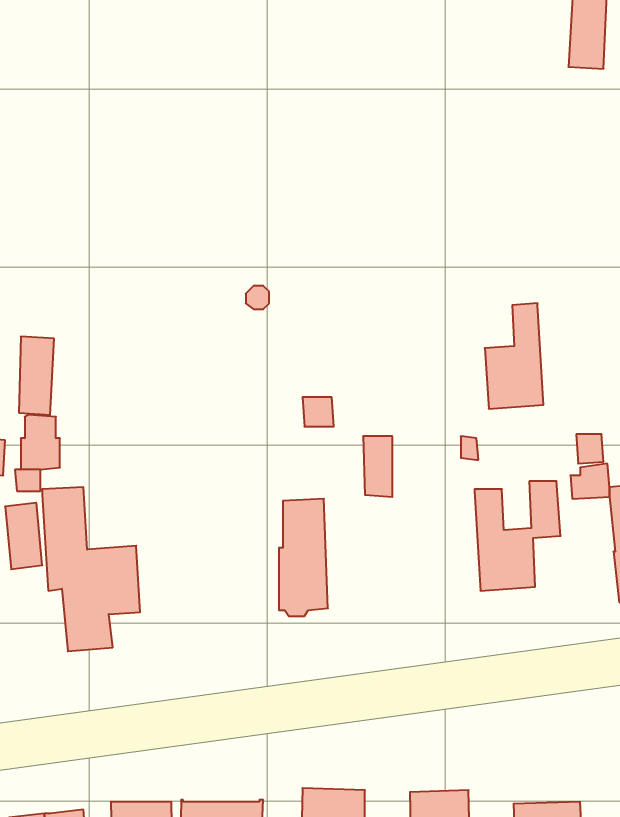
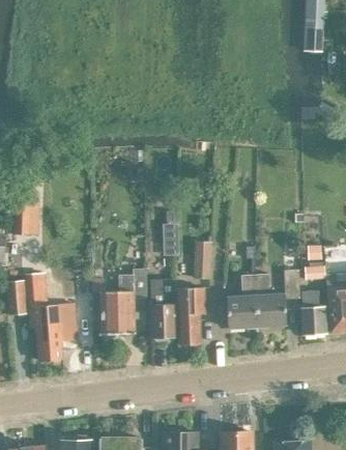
building: [485,303,543,409] -> [226,274,257,330]
building: none -> [91,269,147,338]
building: none -> [178,287,205,344]
building: none -> [299,288,326,336]

